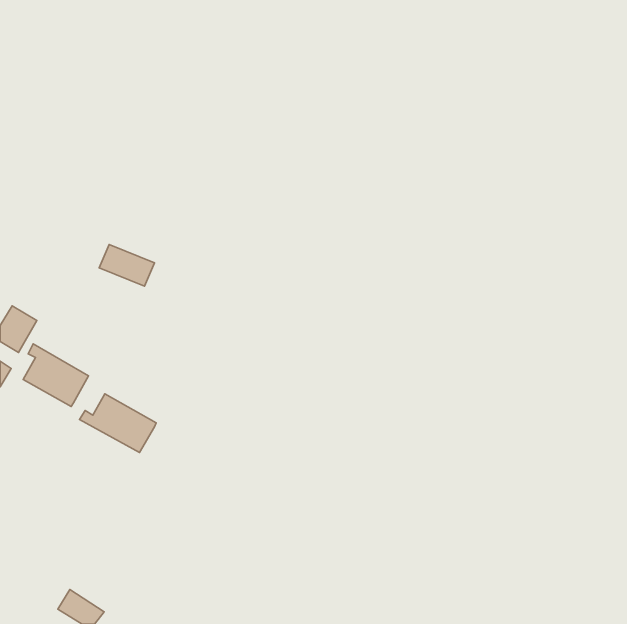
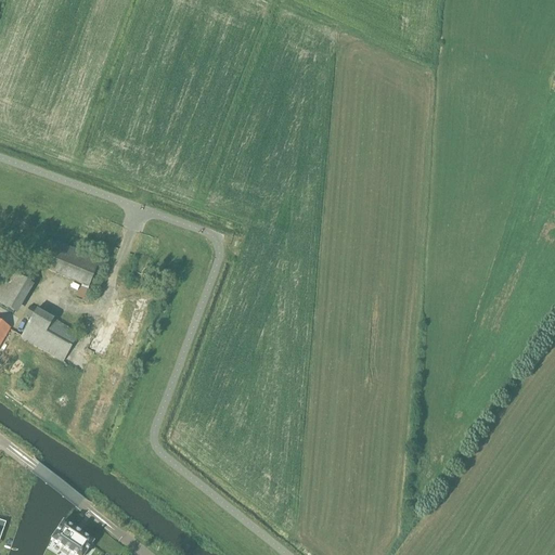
building: [99,245,154,286] -> [48,247,96,284]
building: [80,394,156,452] -> none

